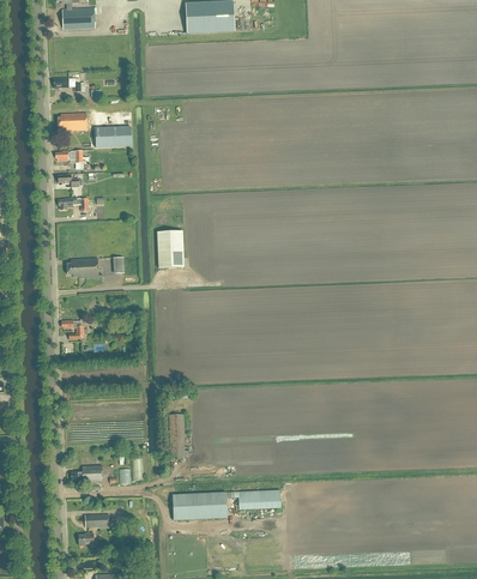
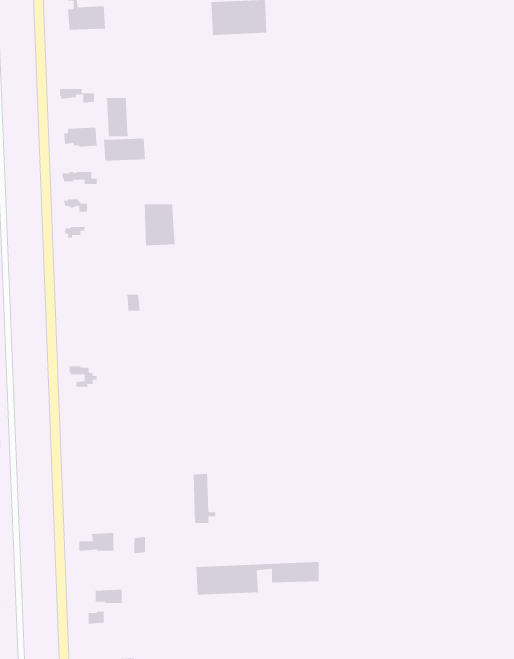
building: none -> [106,97,128,137]
building: [157,230,185,267] -> [144,204,176,246]
building: [67,258,102,277] -> none

